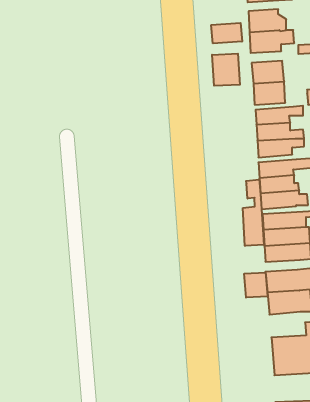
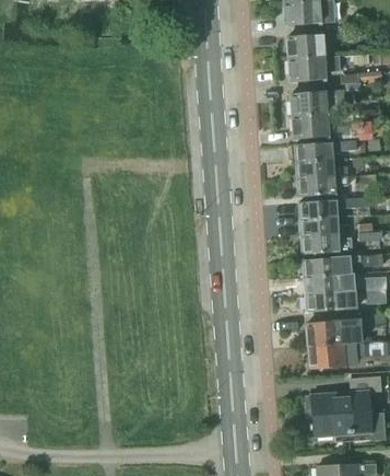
building: [211,23,242,43] -> none
building: [212,54,240,86] -> none
building: [243,179,264,246] -> none
building: [244,272,267,298] -> none

